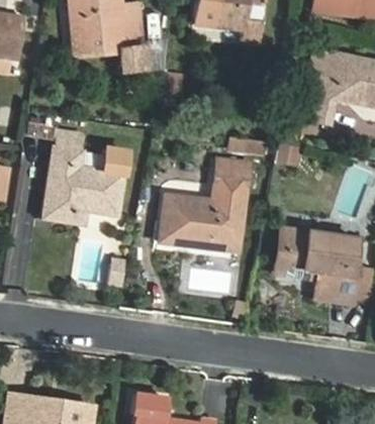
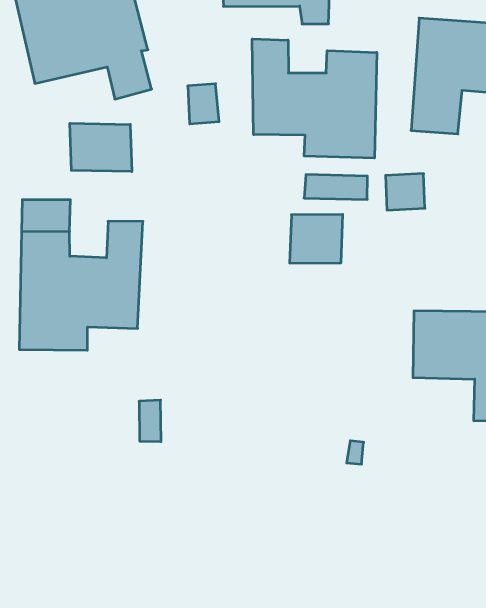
building: none -> [252,39,377,158]
building: none -> [70,123,132,172]
building: [159,195,244,246] -> none

